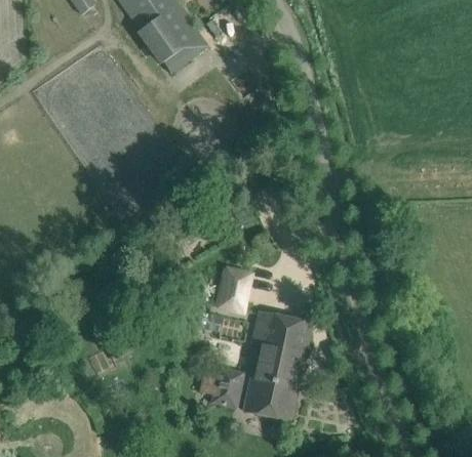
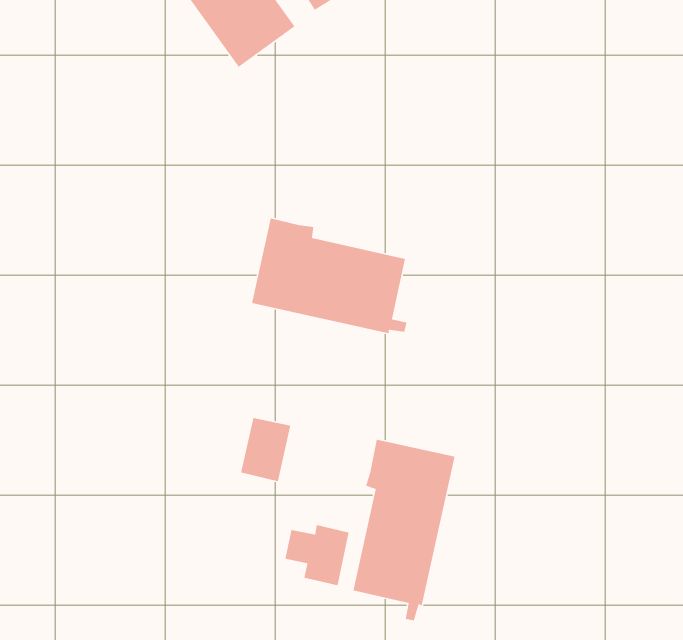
building: none -> [251,217,407,334]
building: [218,268,250,310] -> [240,417,291,482]

